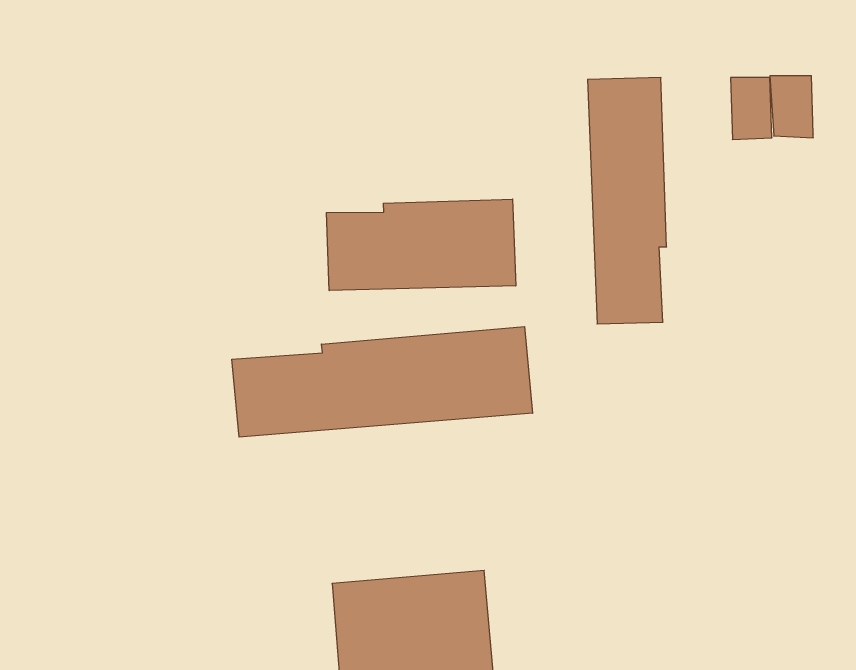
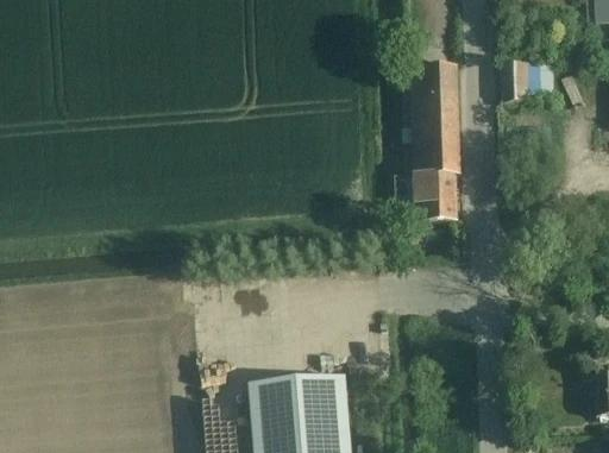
building: [326,199,516,291] -> none
building: [232,327,533,437] -> none

